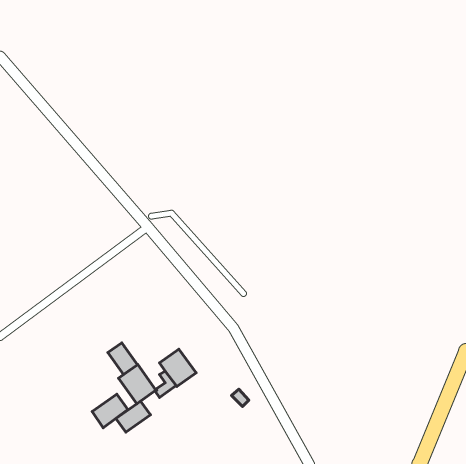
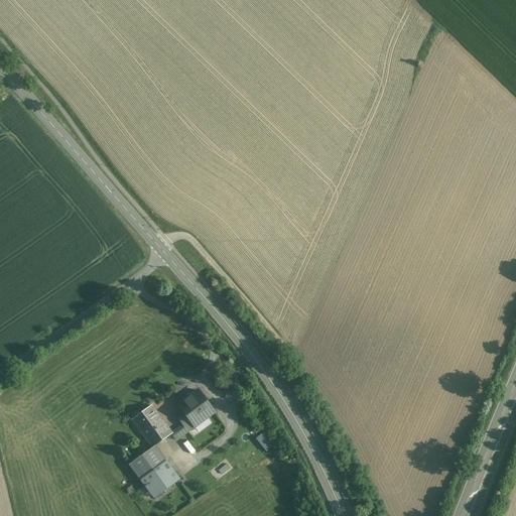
building: [108,343,137,374] -> none
building: [92,394,128,428] -> [139,459,178,496]

